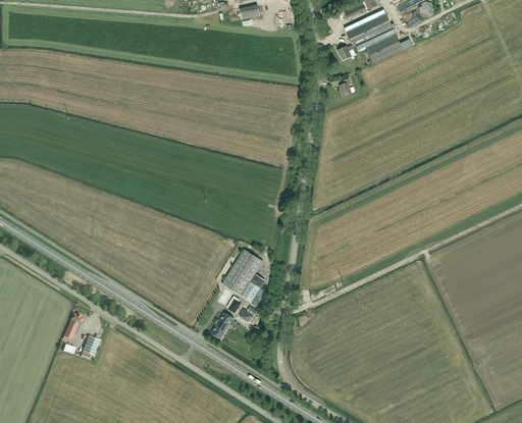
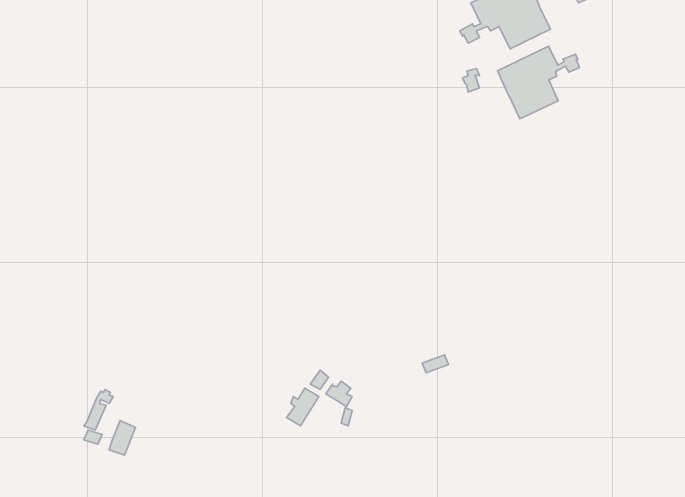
building: none -> [498,46,580,119]
building: [221,248,263,302] -> none

